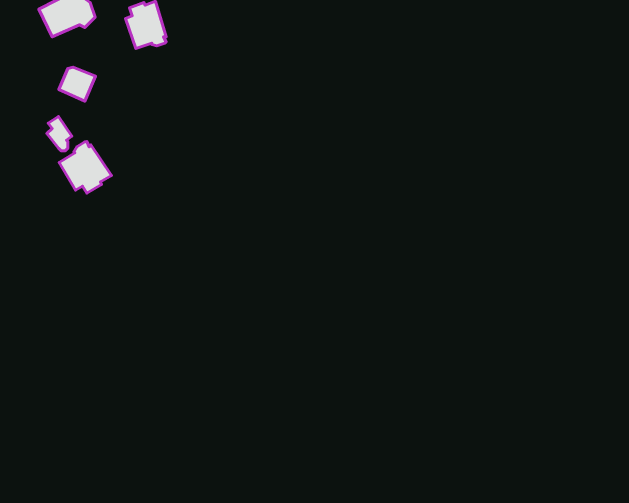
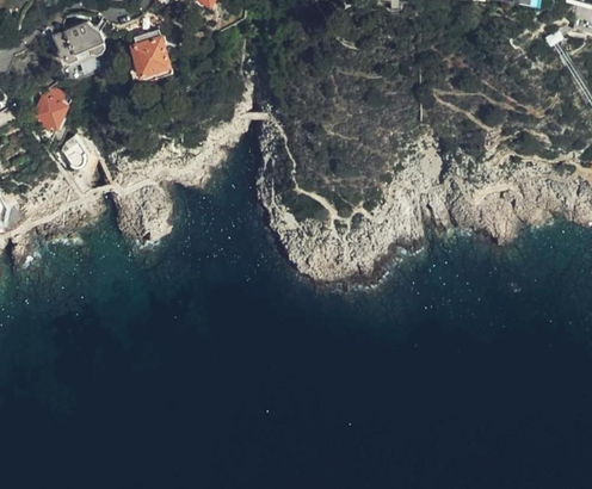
building: [59,67,95,101] -> [33,95,67,126]
building: [59,141,111,193] -> none

